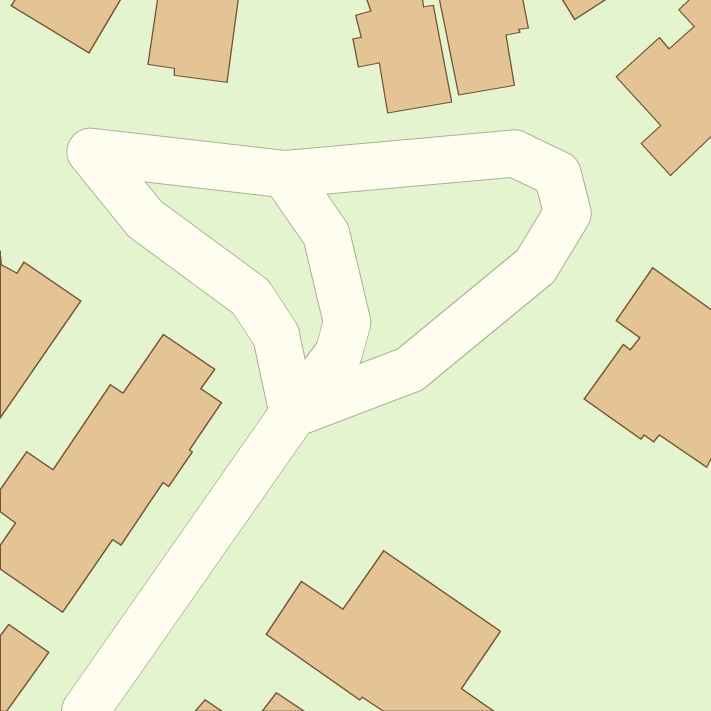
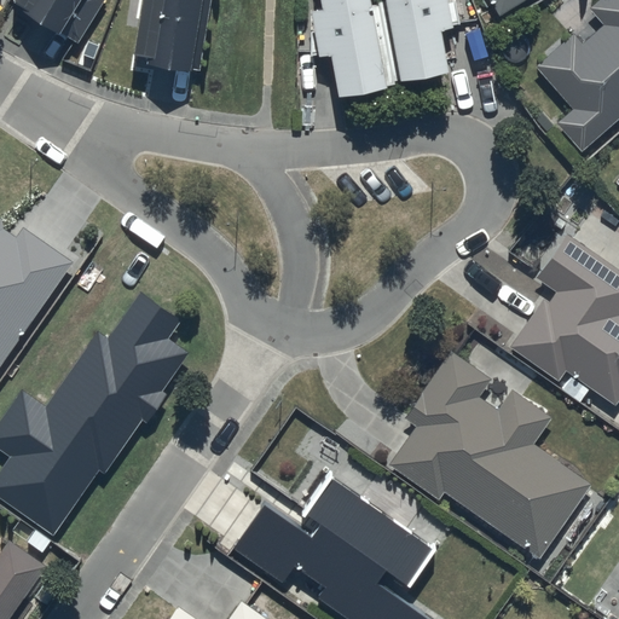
building: none -> [389,349,590,559]

